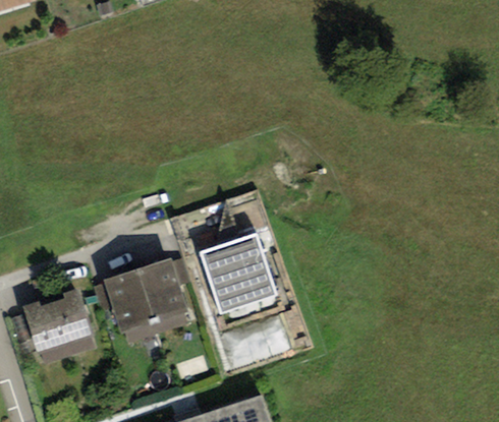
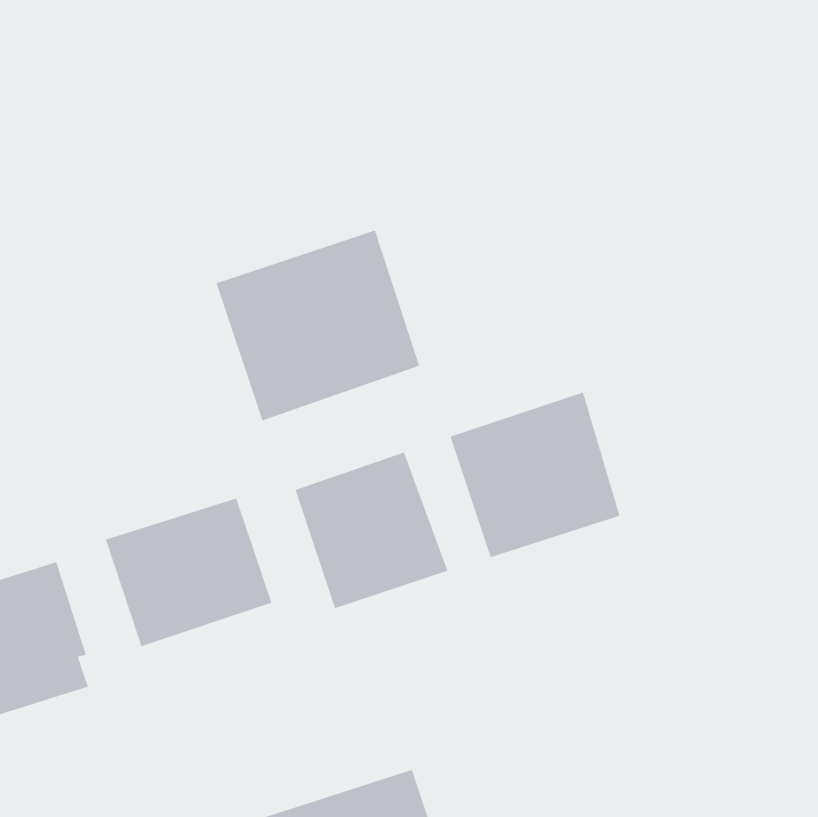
building: none -> [216,230,420,421]
building: none -> [450,392,620,558]

